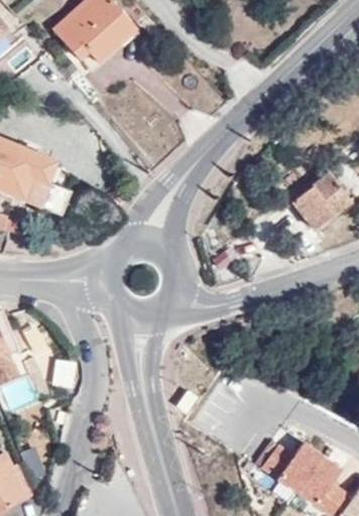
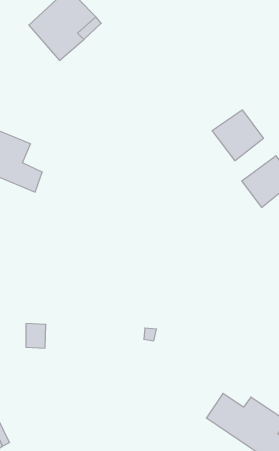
building: none -> [212,110,263,161]

